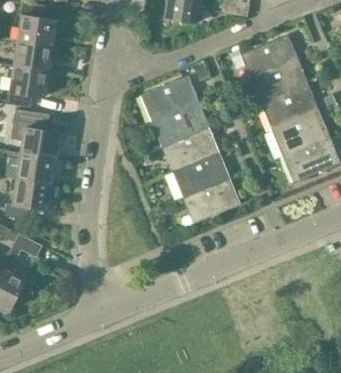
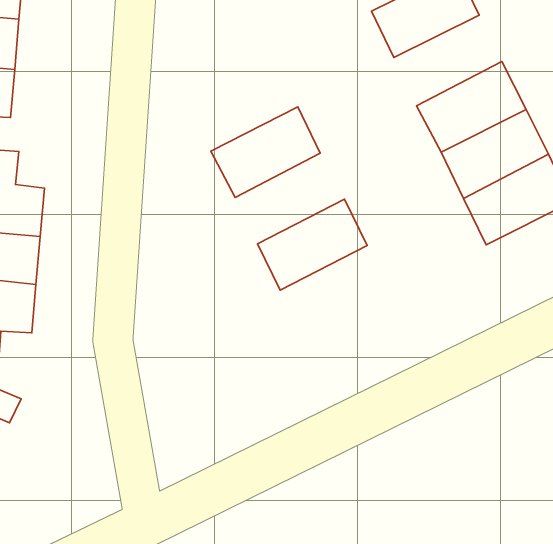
building: [251,60,308,106] -> none
building: [141,77,199,122] -> none
building: [162,127,220,172] -> none
building: [183,177,240,223] -> none

